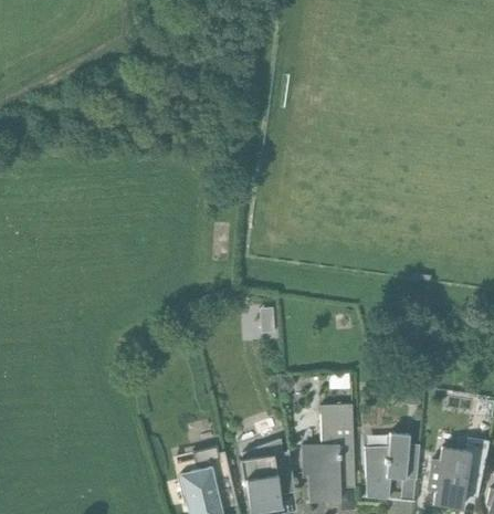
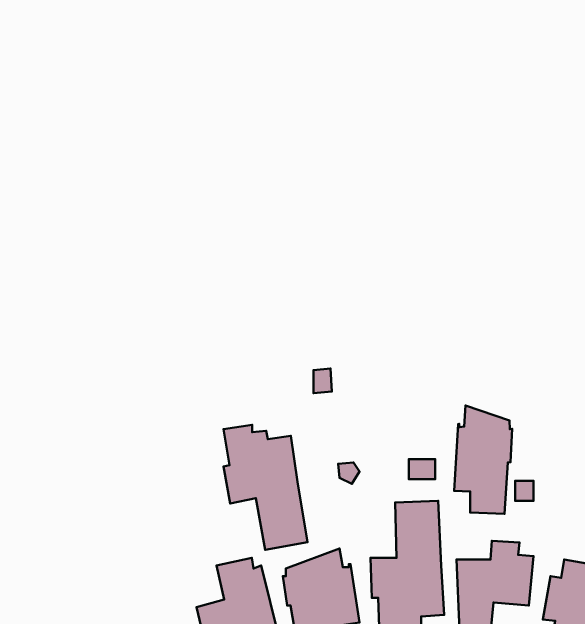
building: none -> [454,405,512,514]
building: none -> [223,425,308,550]

